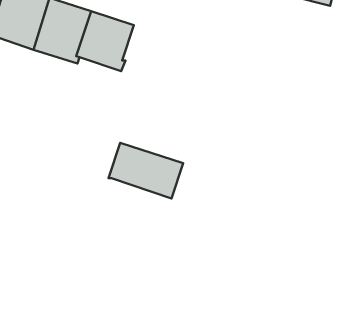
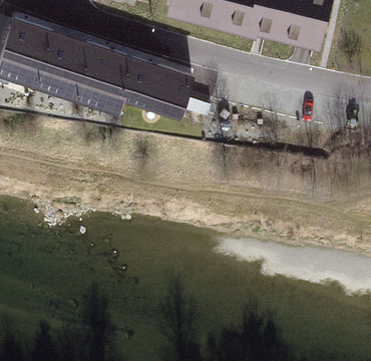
building: [108,143,183,198] -> [119,58,190,110]

